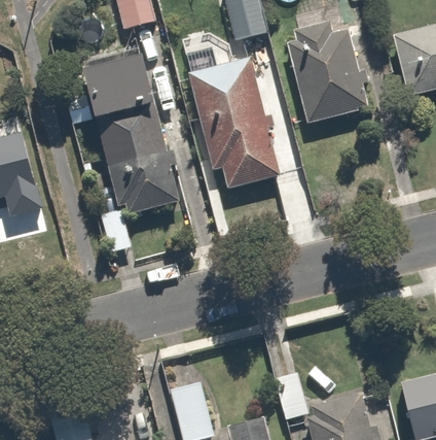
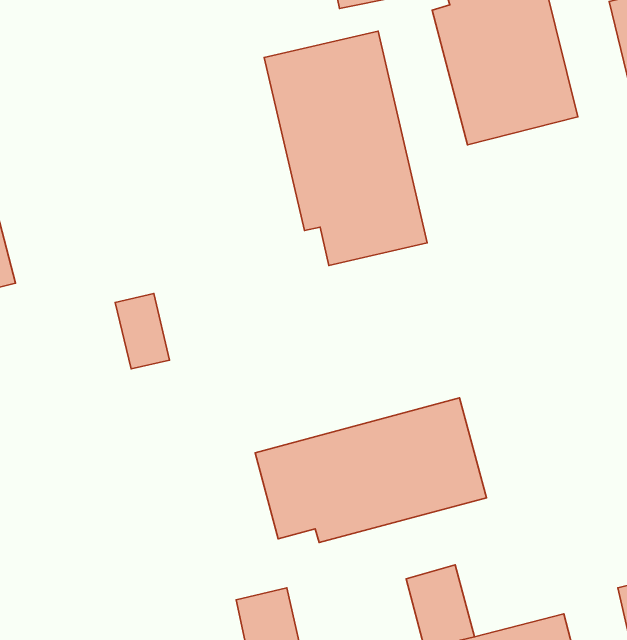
building: [83,48,181,215] -> none
building: none -> [255,398,486,543]

